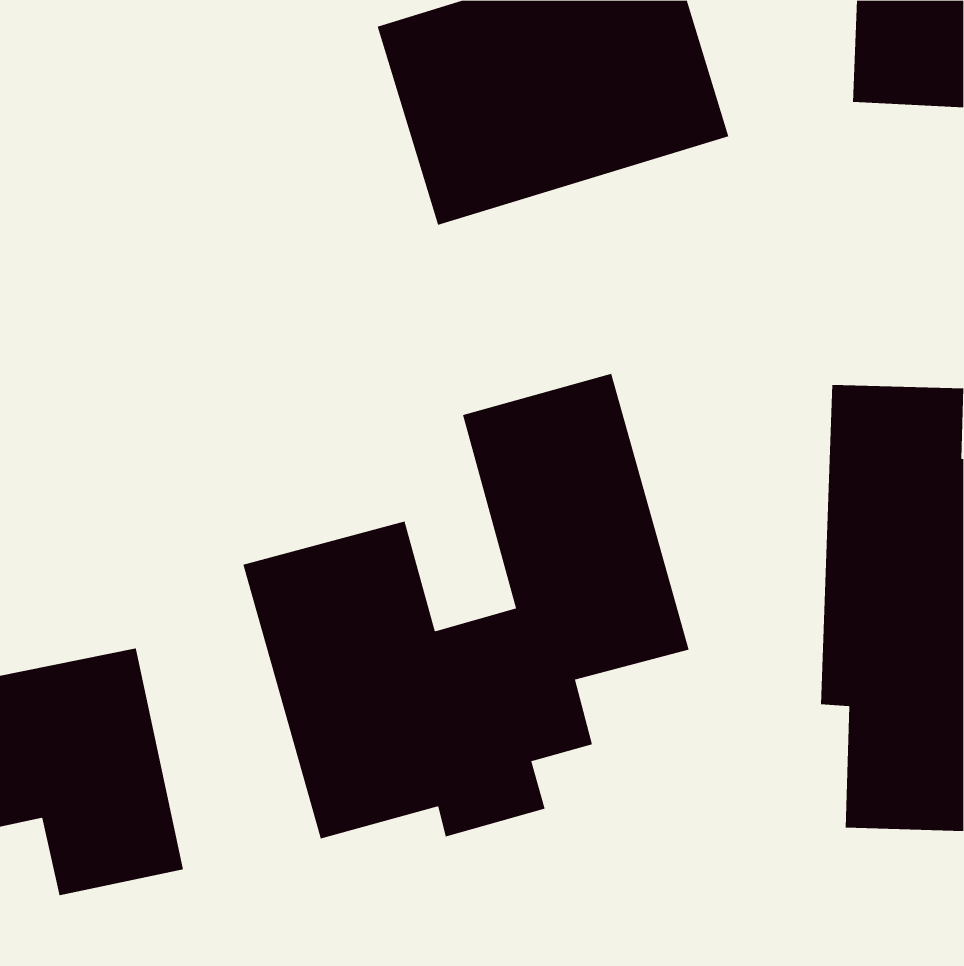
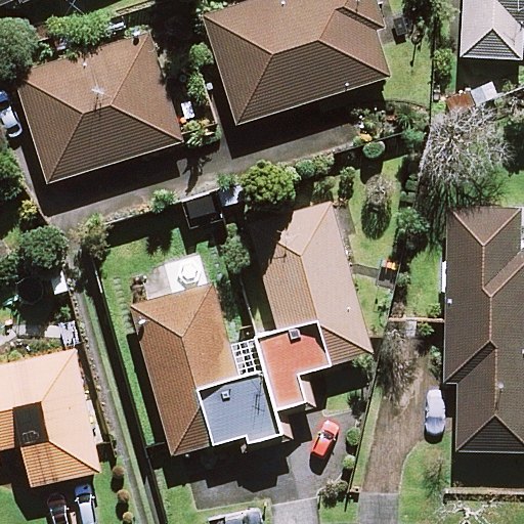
building: none -> [15,34,181,182]

